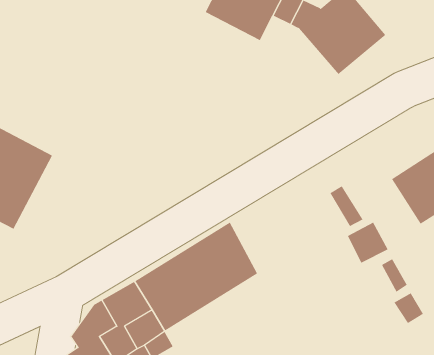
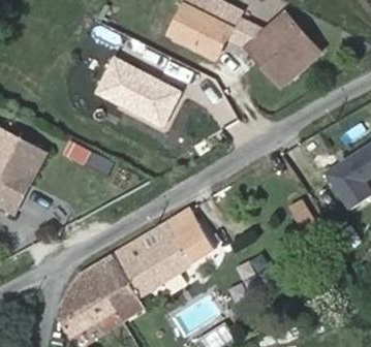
building: none -> [94,53,183,126]

